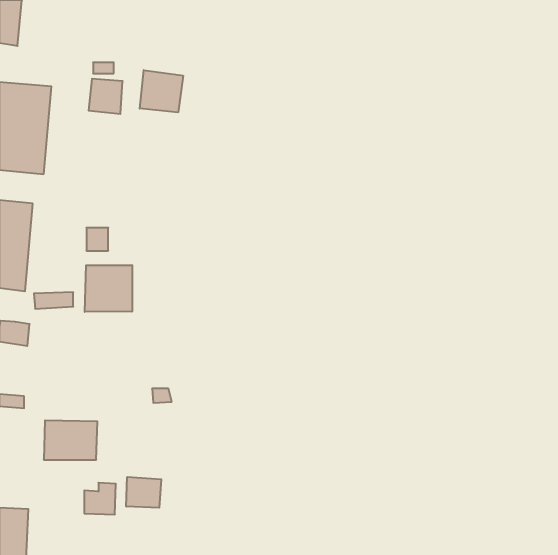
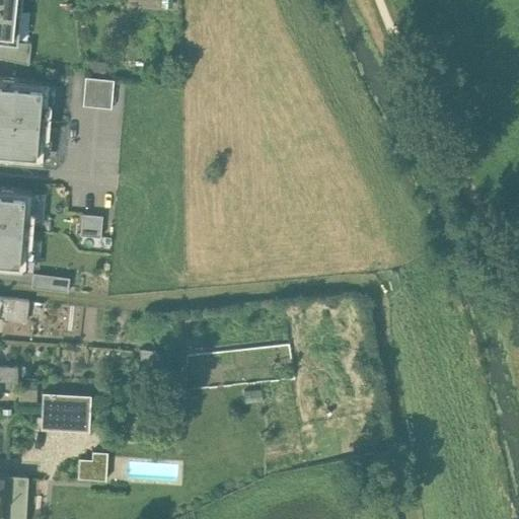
building: [140,70,183,112] -> none
building: [85,265,132,312] -> none
building: [126,477,161,508] -> none

